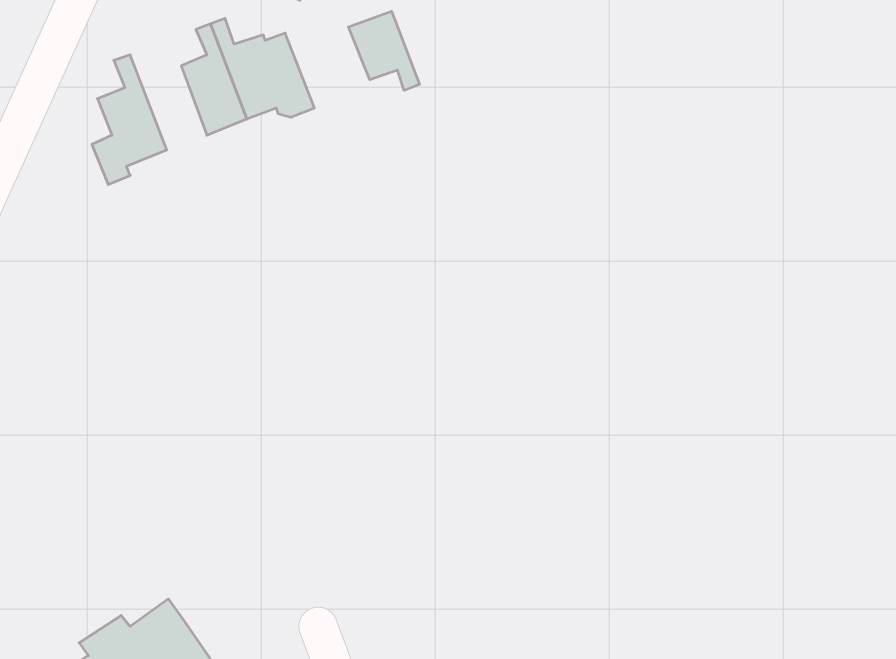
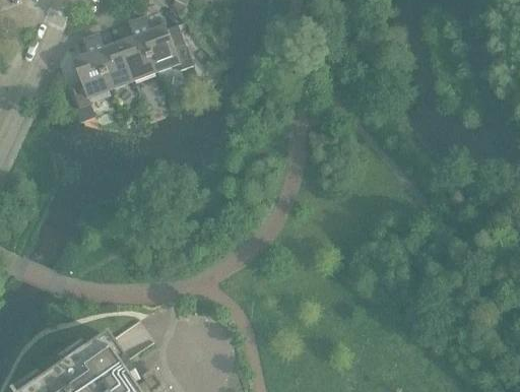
building: [348,11,420,90] -> none
building: none -> [89,31,132,87]

